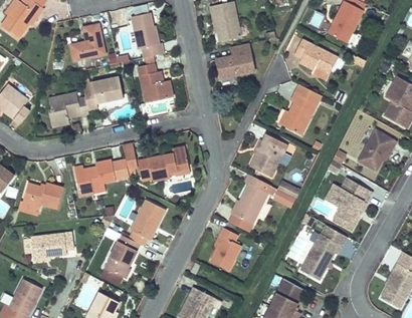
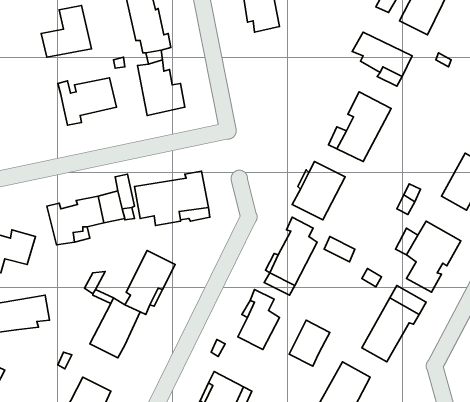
building: [217,42,255,77] -> none
building: [48,91,88,125] -> none
building: none -> [289,320,330,366]

